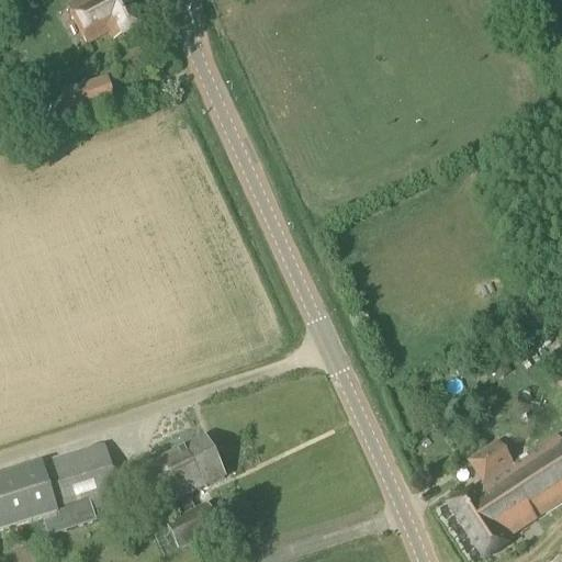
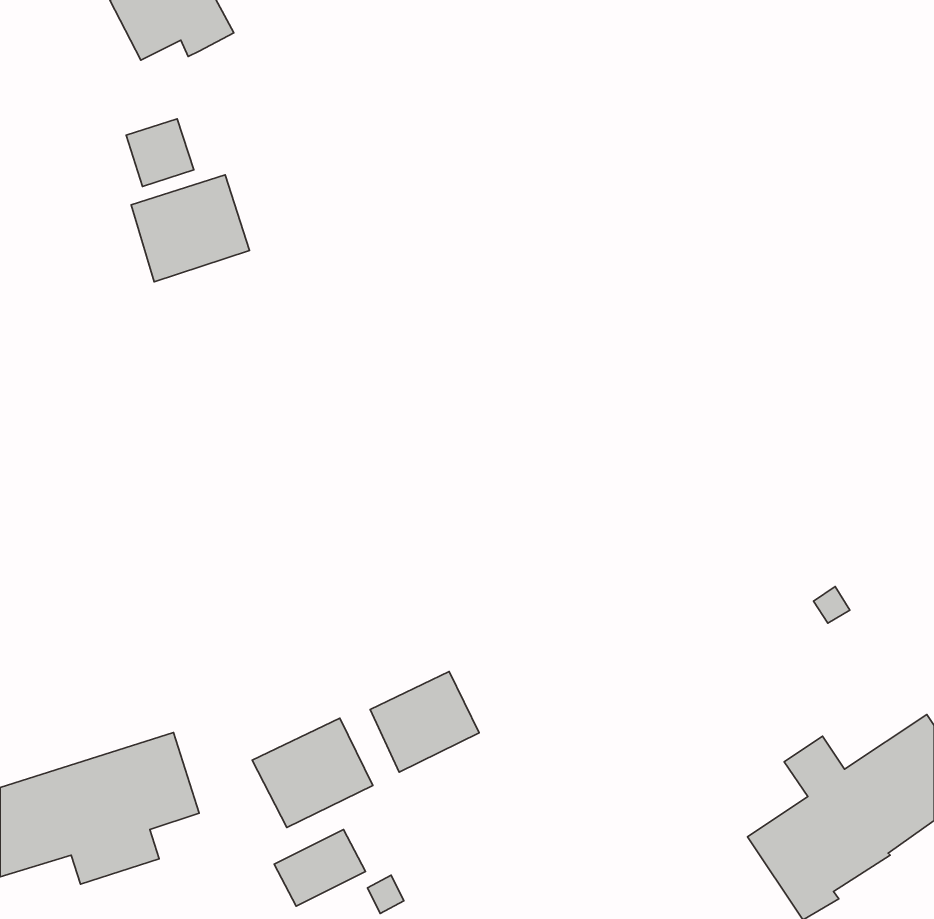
building: none -> [131,175,250,282]
building: none -> [370,671,479,772]

